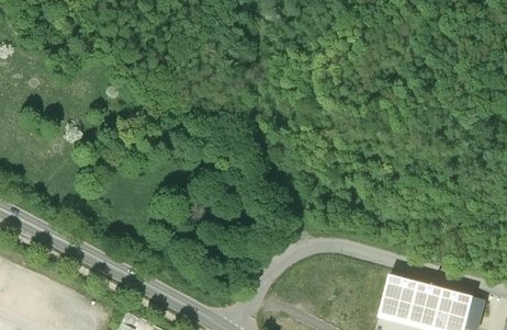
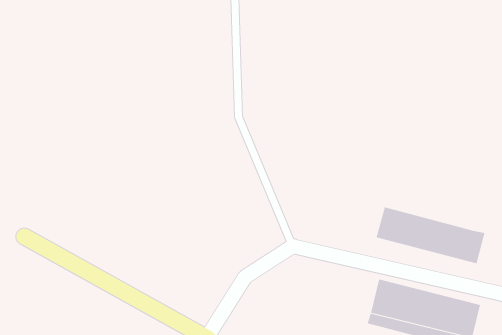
building: none -> [376,206,485,264]

